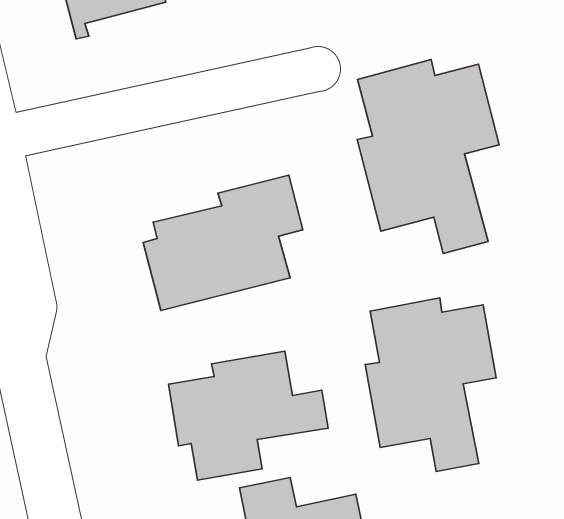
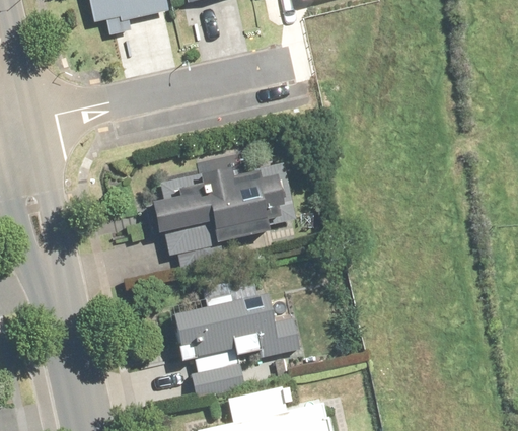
building: [357,60,499,254] -> none
building: [365,298,496,472] -> none

